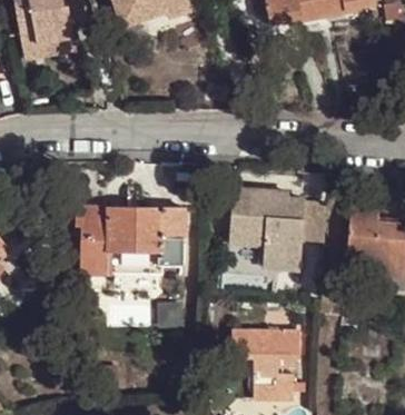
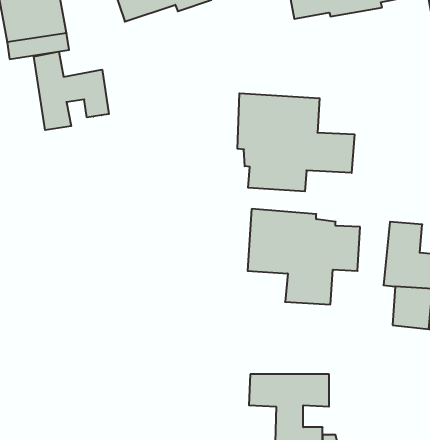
building: none -> [34,52,109,130]
building: none -> [237,93,354,191]
building: [75,205,185,274] -> none

